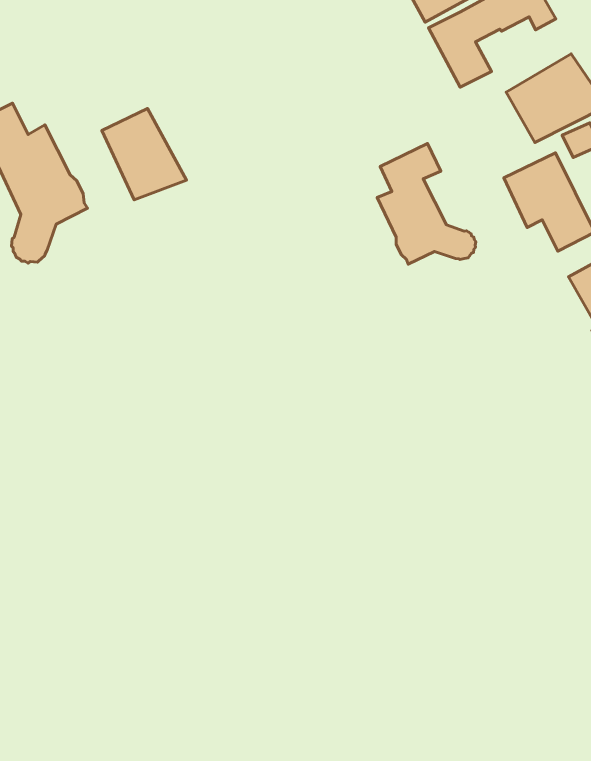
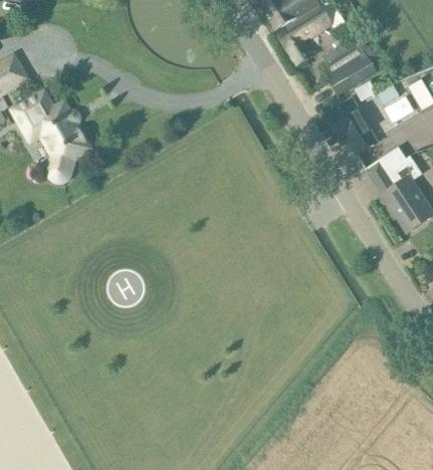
building: [102,109,186,200] -> none
building: [377,144,476,264] -> none

